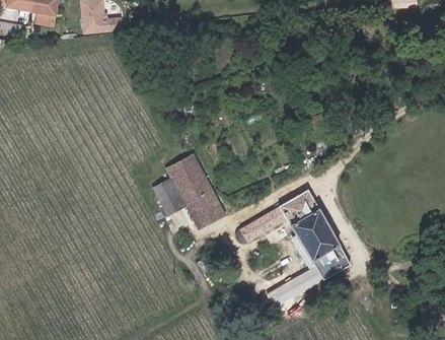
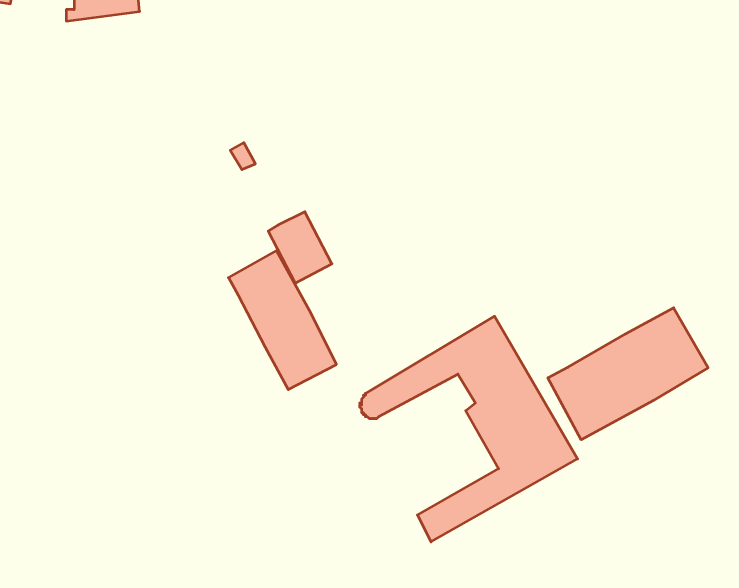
building: [152,178,186,215] -> [268,212,332,283]
building: none -> [548,308,708,440]

